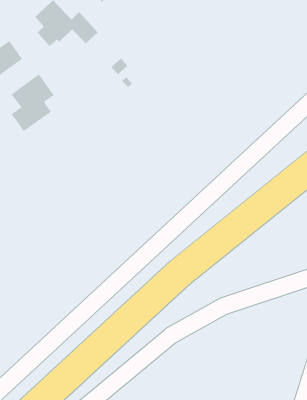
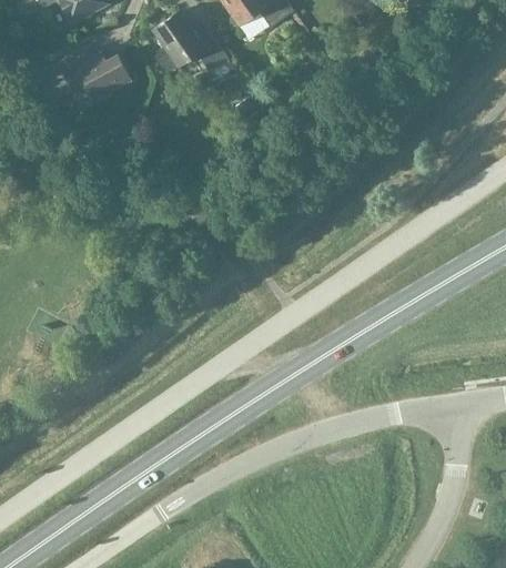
building: [11,74,54,132] -> none

